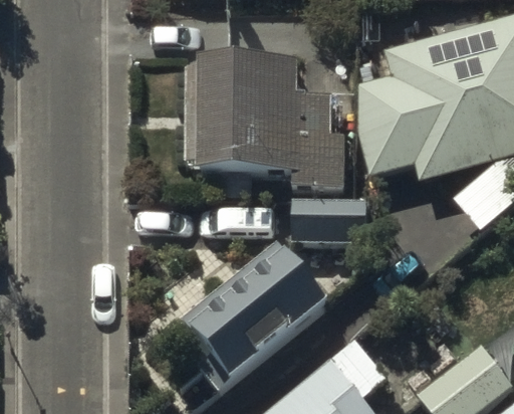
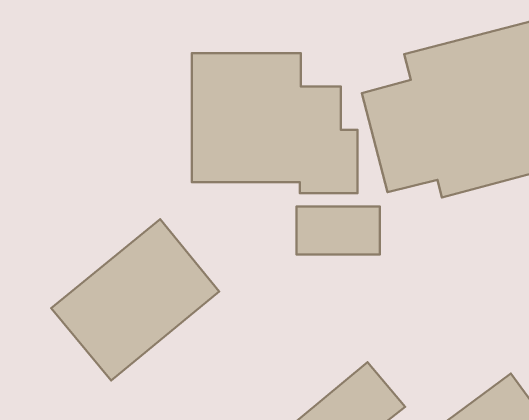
building: [180,235,331,381] -> [51,219,219,380]

